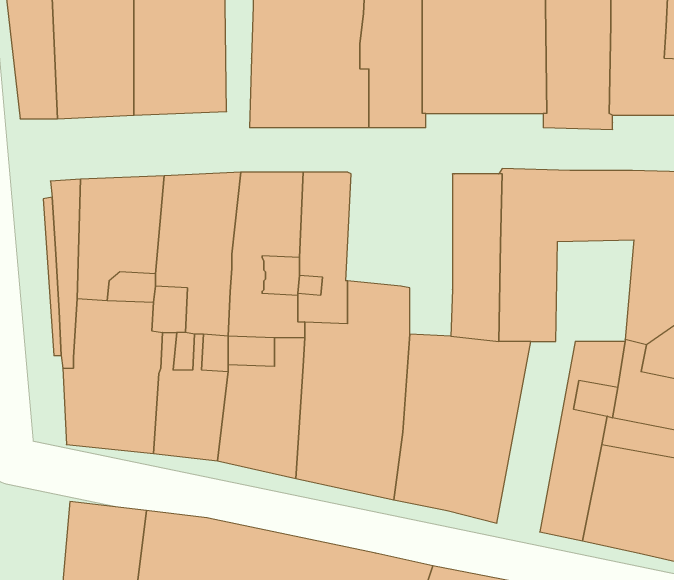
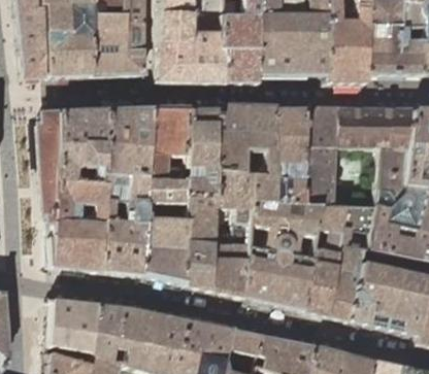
building: none -> [210,104,273,203]
building: none -> [298,206,343,316]

